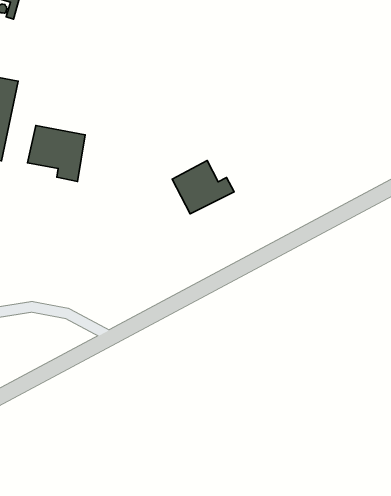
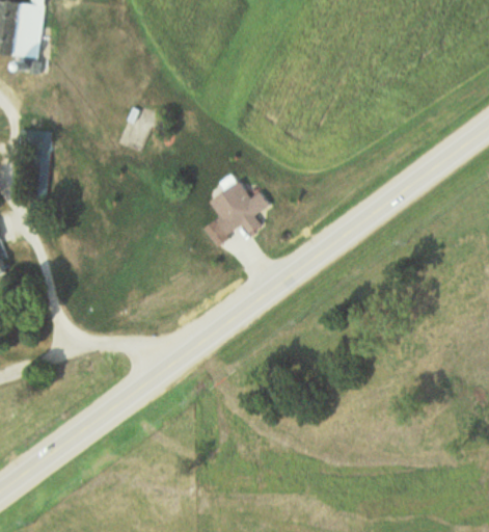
building: [28,126,85,181] -> none

